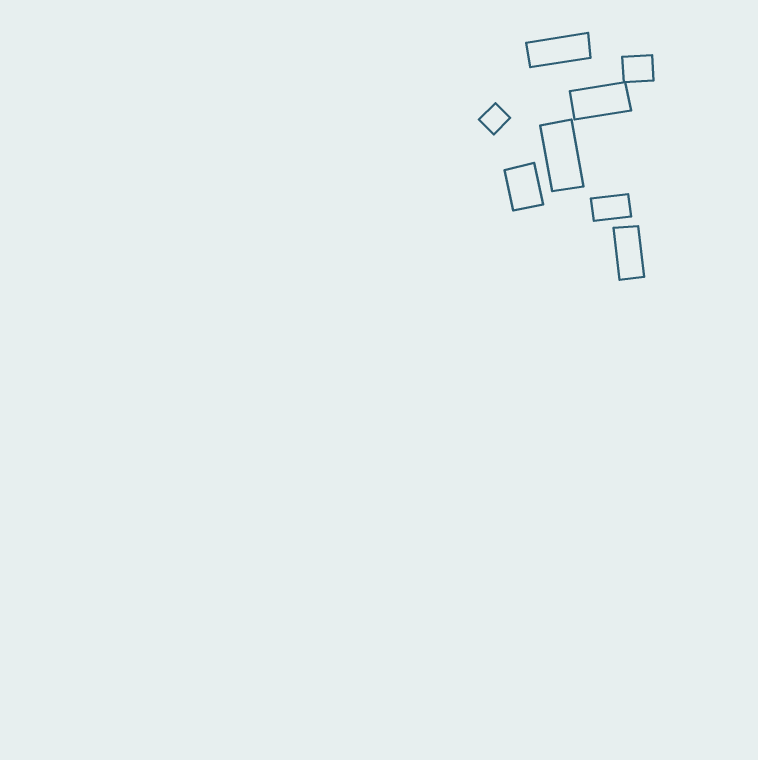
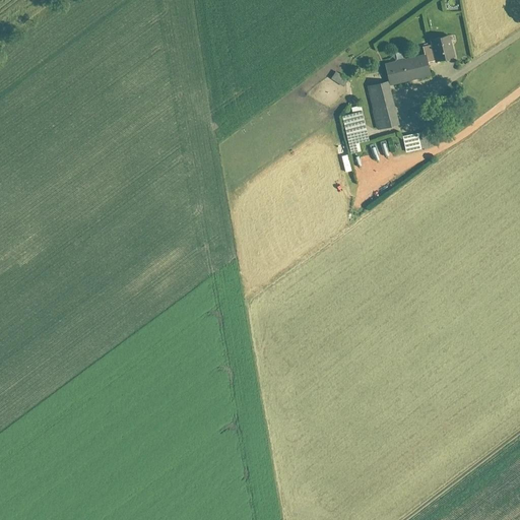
building: [526,33,590,67] -> none
building: [613,226,644,280] -> none

